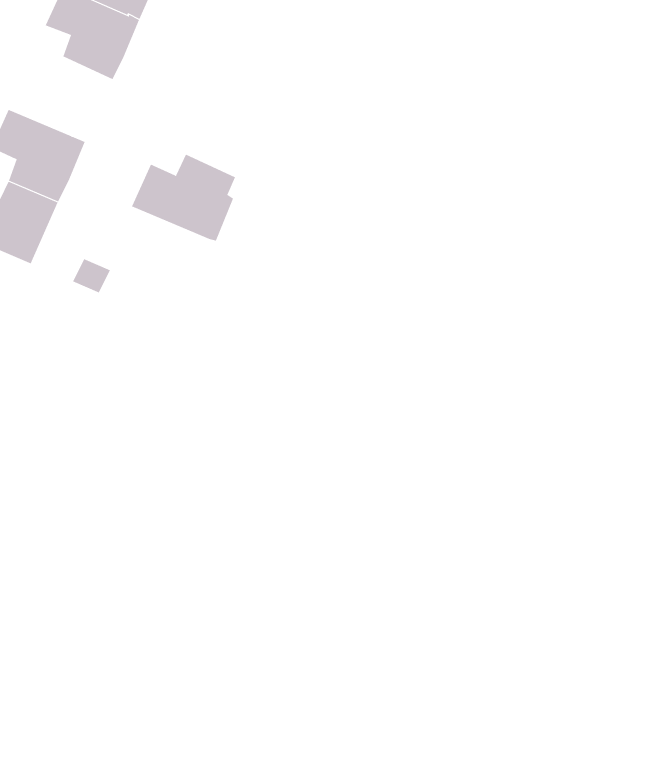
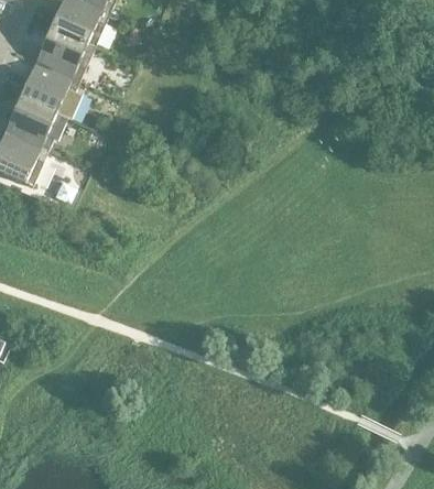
building: [131,154,236,241] -> [18,66,77,116]

